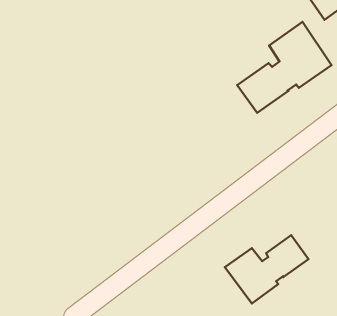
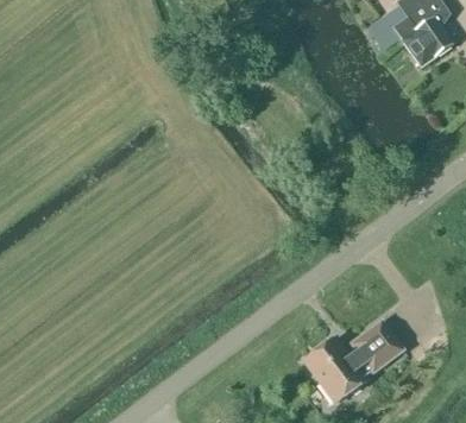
building: [237,22,332,113] -> none

